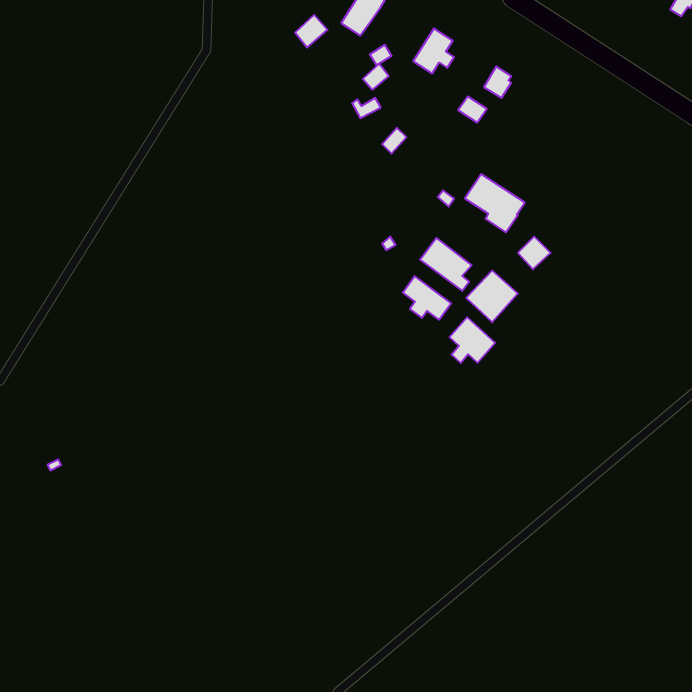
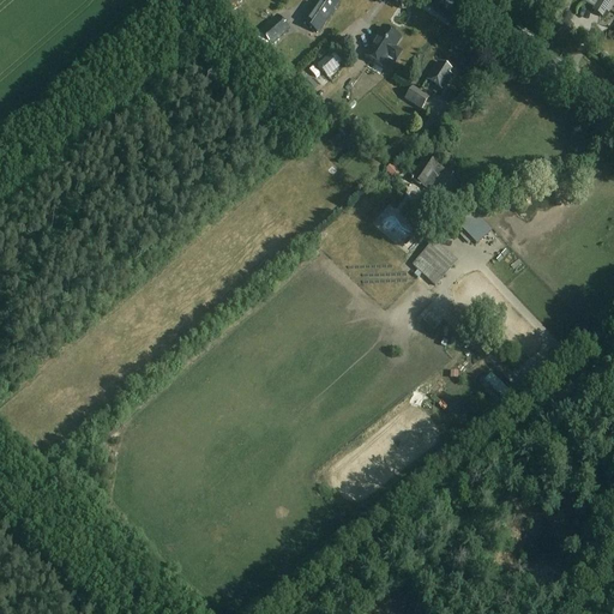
building: [403,276,451,320] -> none
building: [450,317,495,363] -> none

